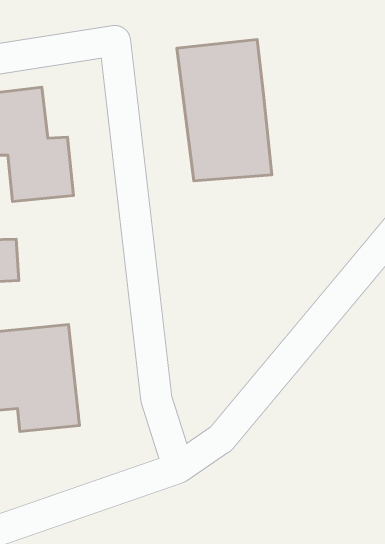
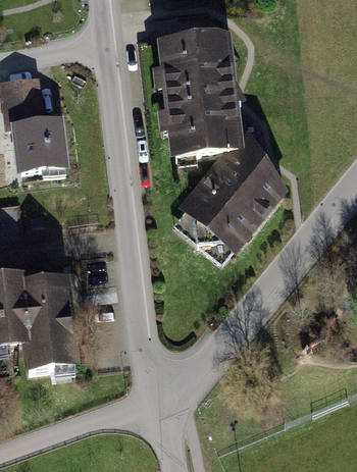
building: none -> [182,134,285,248]

